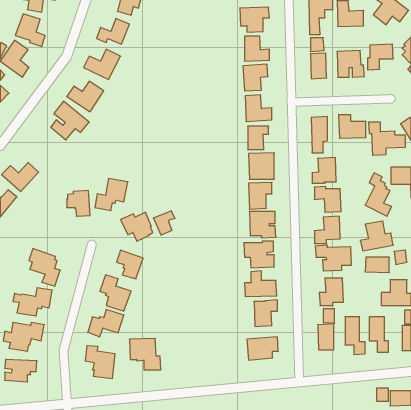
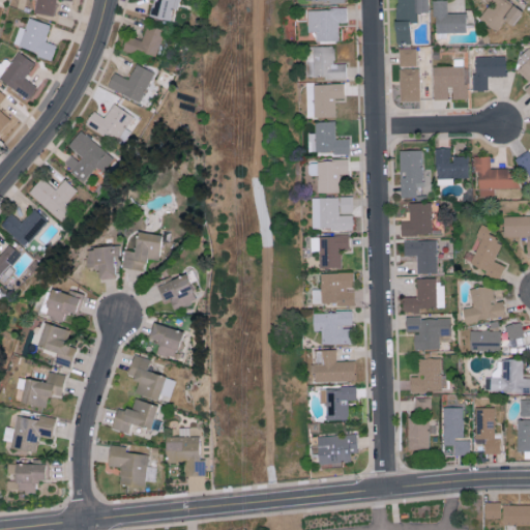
building: none -> [32,178,80,222]
building: [154,211,175,235] -> none
building: none -> [39,287,85,322]

